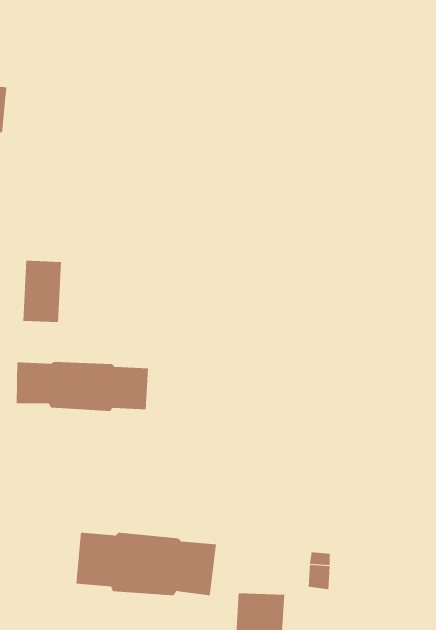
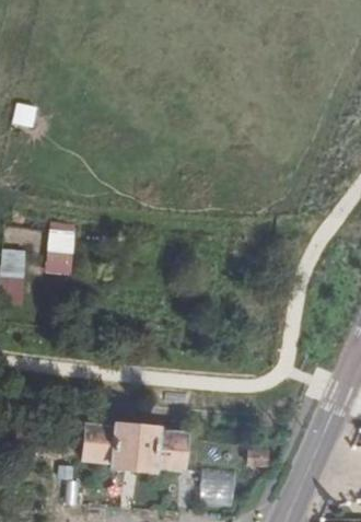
building: [16,361,148,412] -> none

